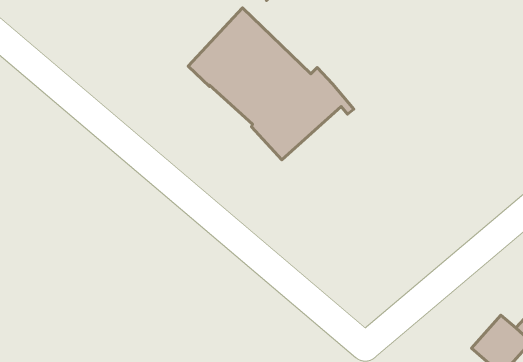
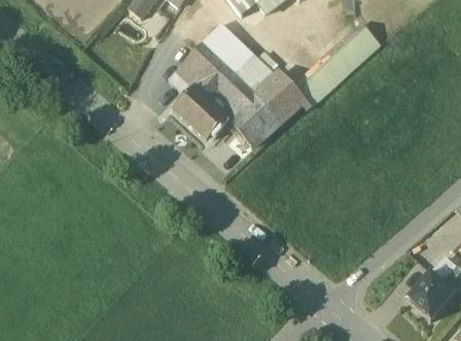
building: none -> [294,24,380,105]
building: none -> [174,86,229,141]

